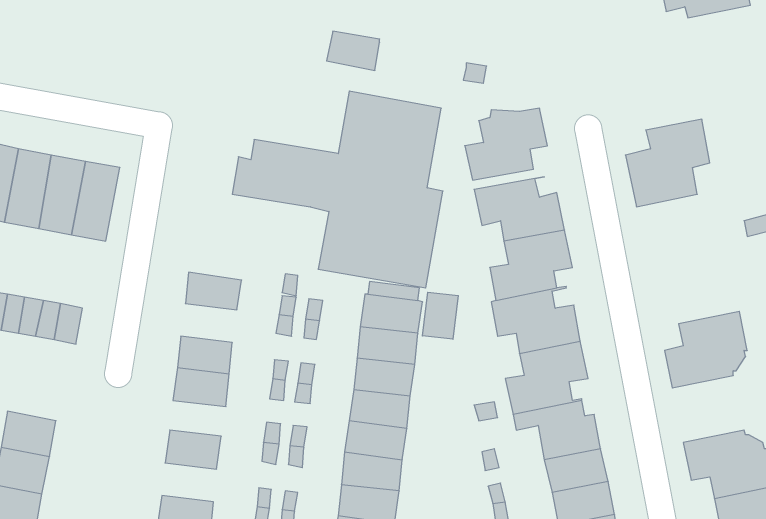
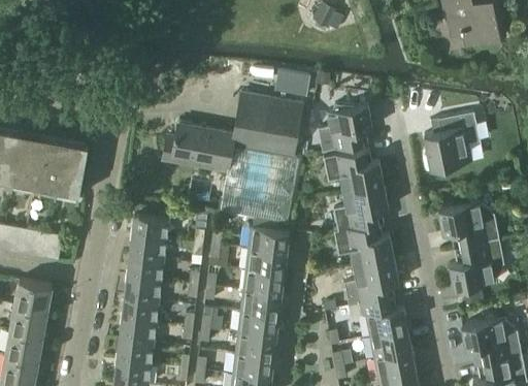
building: [327,31,380,70] -> [275,71,310,97]
building: none -> [438,202,498,248]
building: [422,292,458,339] -> none
building: none -> [129,234,166,260]
building: none -> [14,282,52,312]
building: none -> [122,298,159,322]
building: none -> [117,340,153,365]

